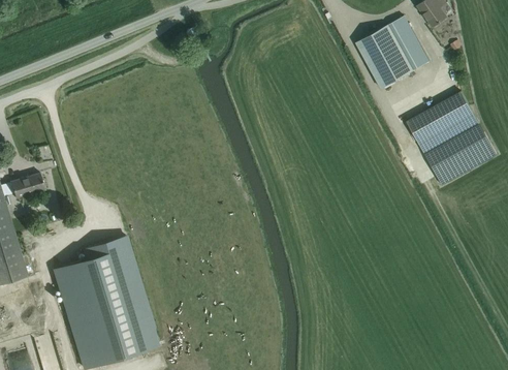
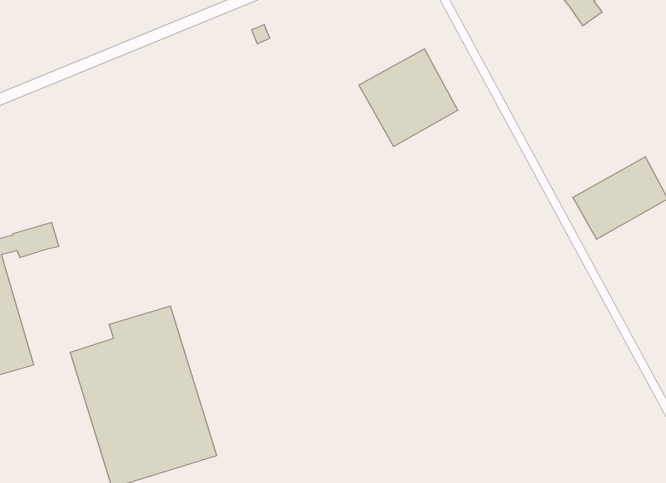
building: [355,16,428,88] -> [359,49,458,147]
building: [407,92,478,154] -> none

